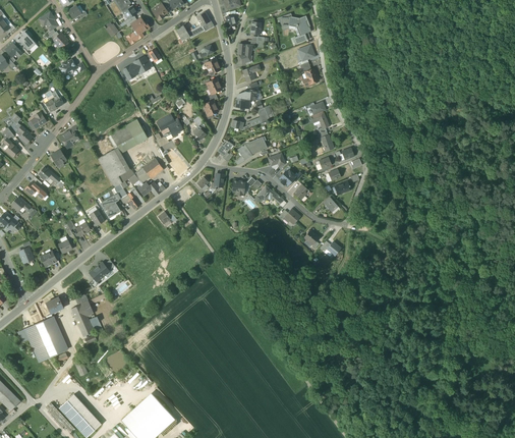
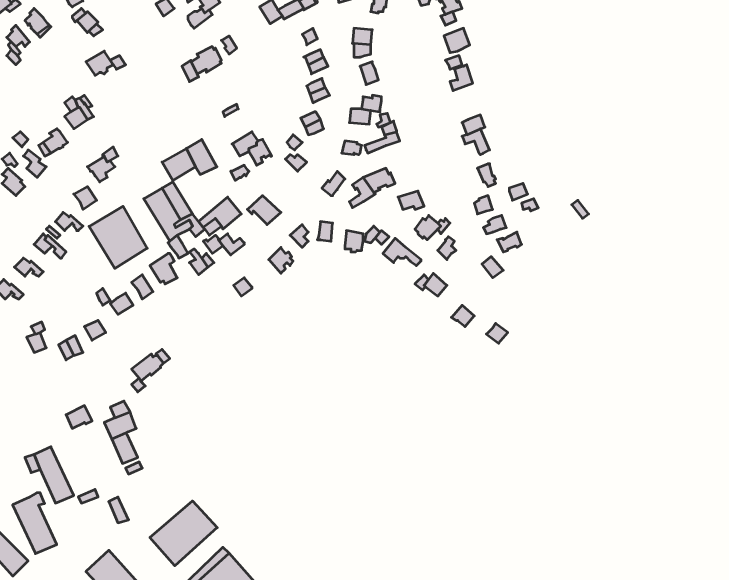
building: none -> [89,206,147,268]
building: [36,317,65,358] -> [13,493,57,554]
building: none -> [150,501,217,566]

